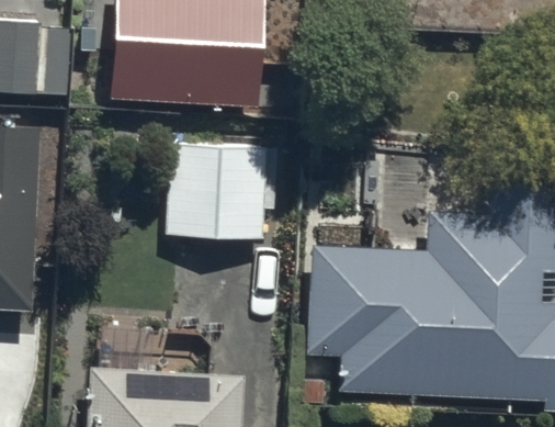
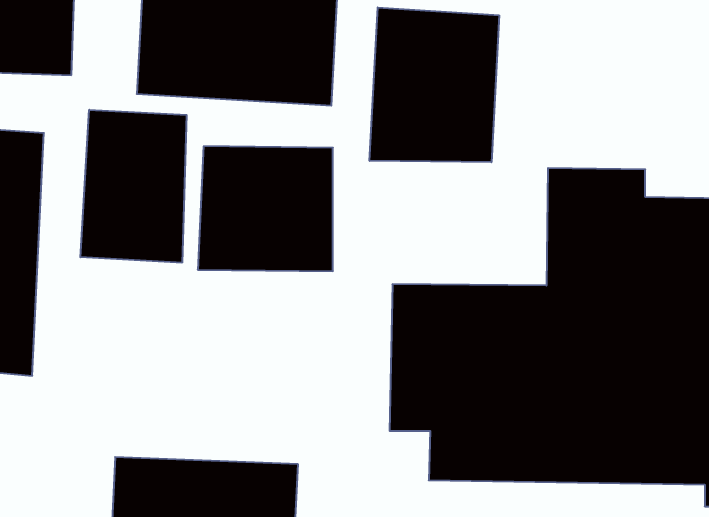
building: none -> [370,7,499,162]
building: none -> [80,110,187,263]

